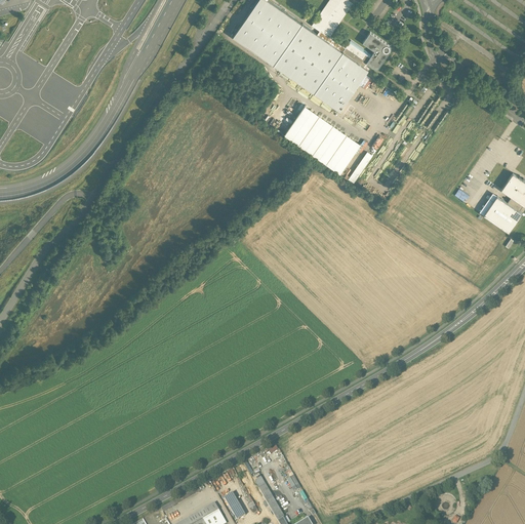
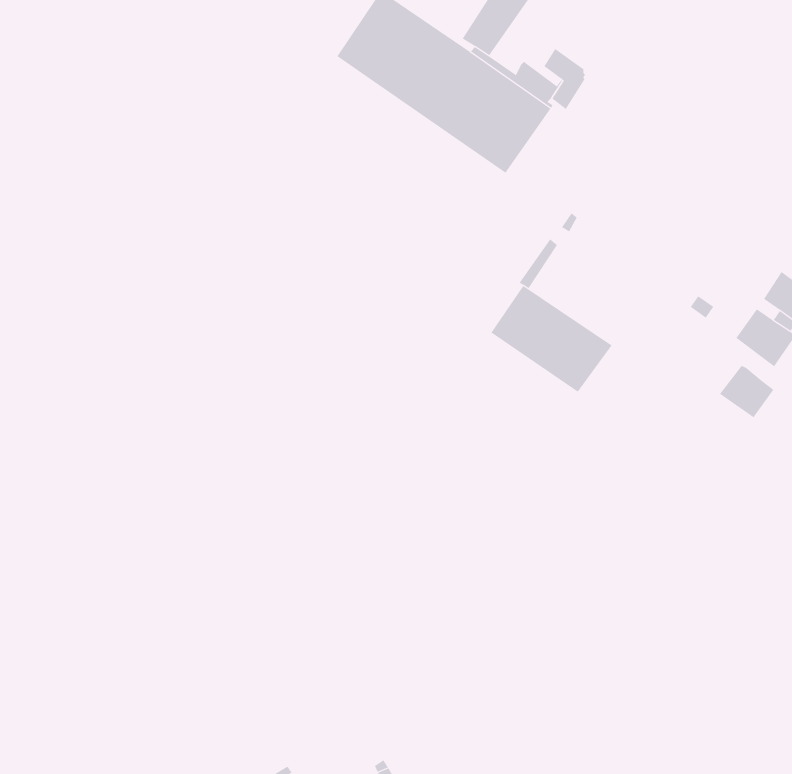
building: [284,108,361,175] -> [490,285,612,393]
building: none -> [719,365,774,418]

